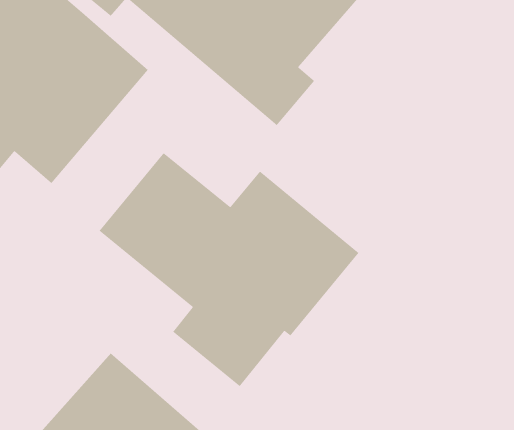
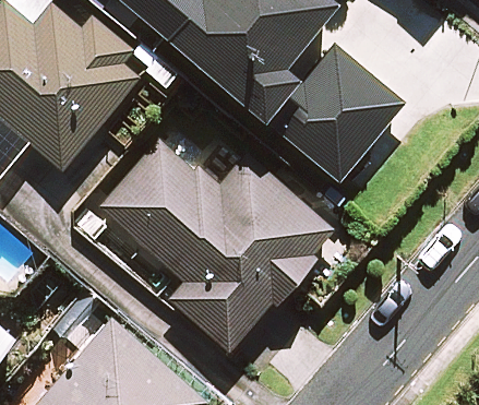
building: none -> [277,46,417,189]

